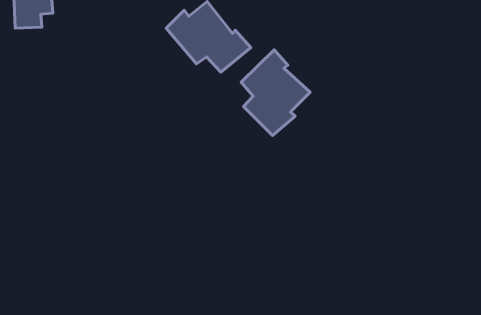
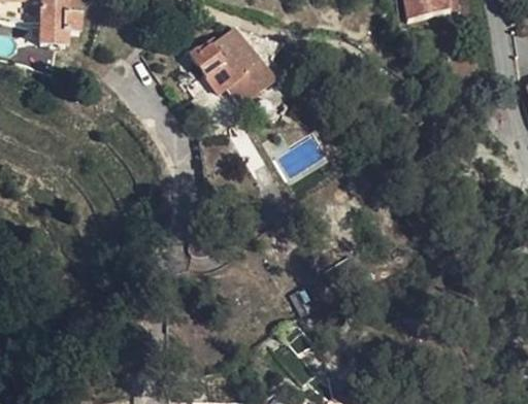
building: [241,50,310,136] -> none

